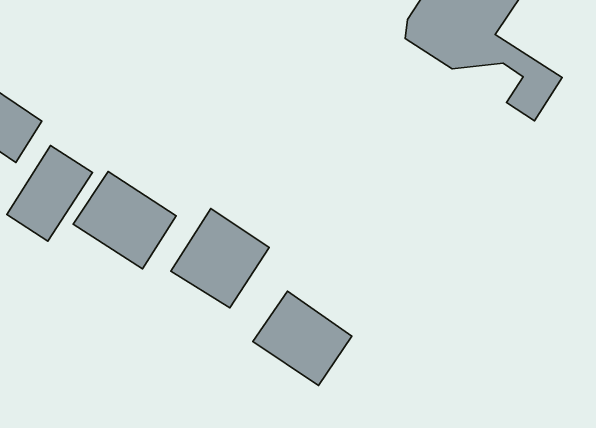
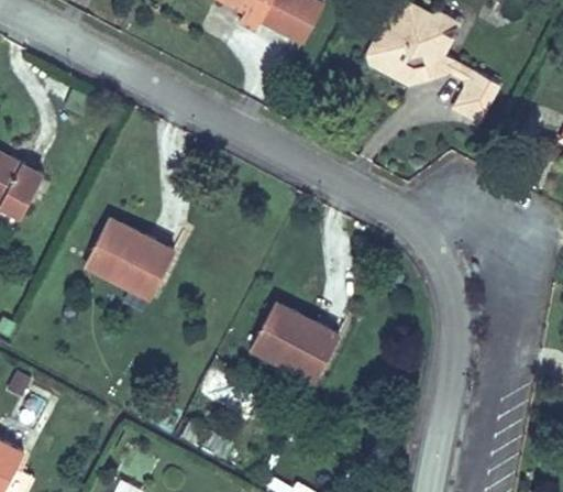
building: [7,146,93,241] -> none
building: [171,209,269,308] -> none

